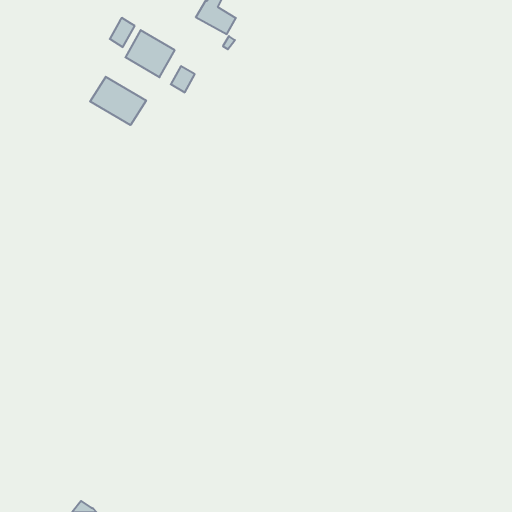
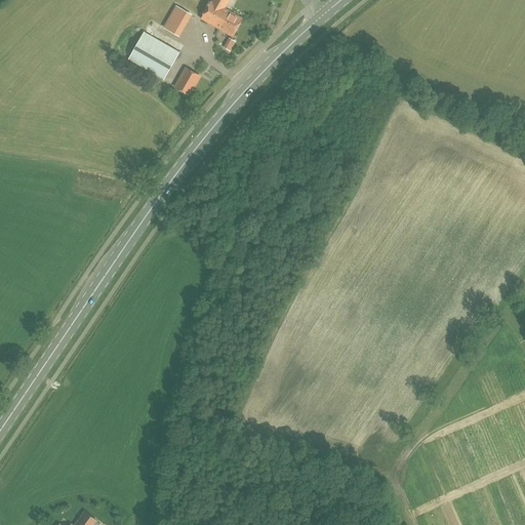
building: [110,18,135,47] -> [164,5,190,35]
building: [90,77,146,125] -> none

